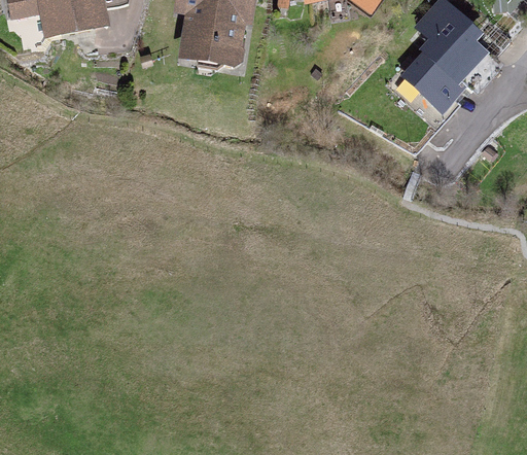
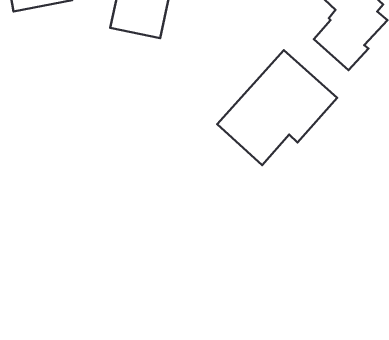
building: none -> [217,50,337,165]

